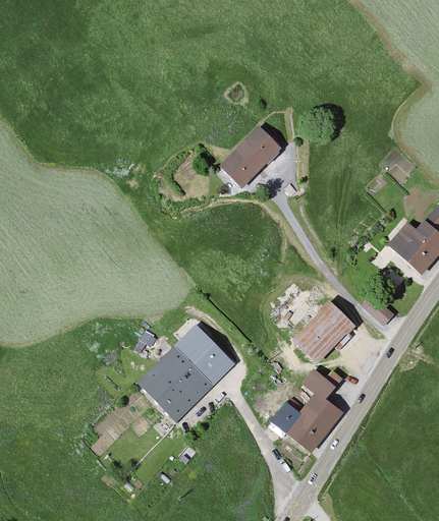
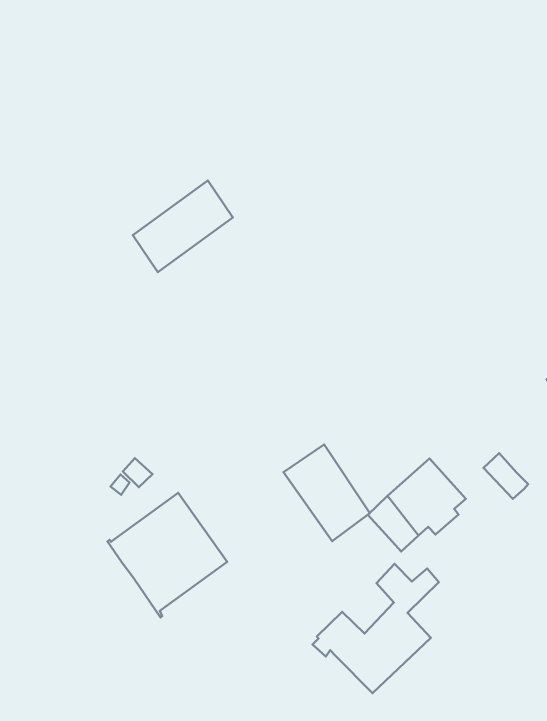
building: [223,128,282,188] -> [133,181,233,272]
building: [176,326,232,384] -> [283,445,370,541]

